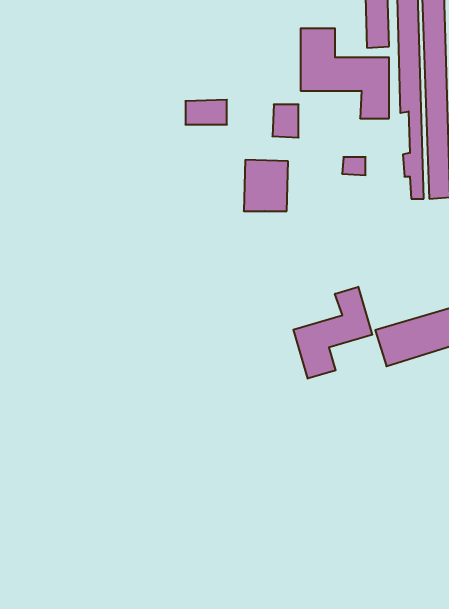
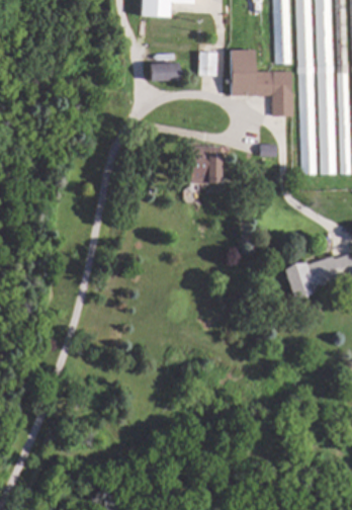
building: [185,100,227,125] -> [147,63,177,81]
building: [272,104,299,138] -> [198,52,217,76]
building: [293,287,372,379] -> none

